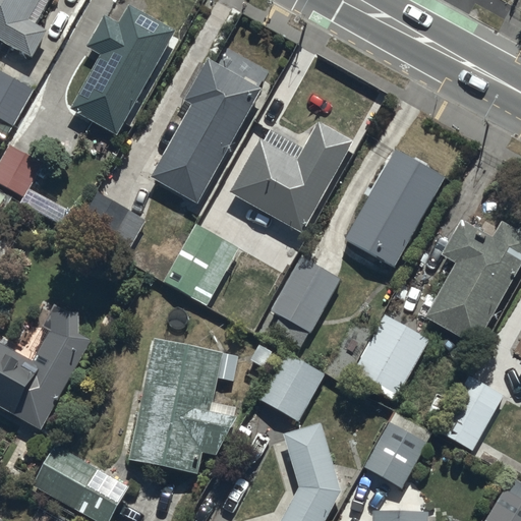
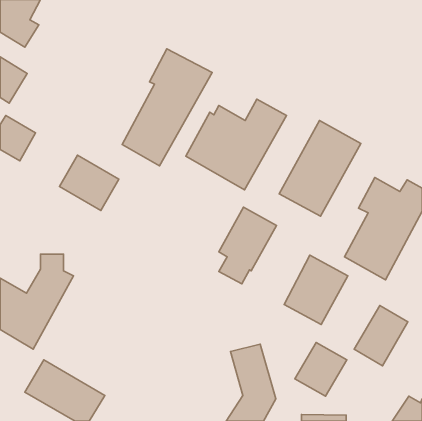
building: [69,5,175,136] -> none
building: [162,224,239,306] -> none
building: [128,339,236,474] -> none
building: [256,351,324,421] -> none

